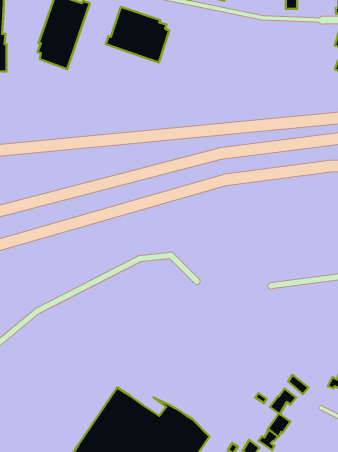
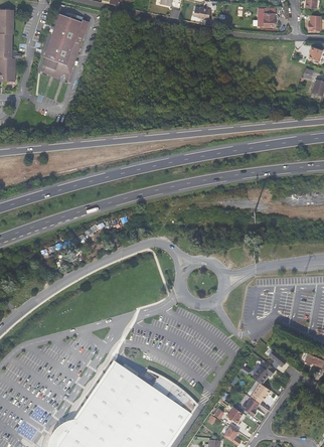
building: [106,7,169,63] -> none

